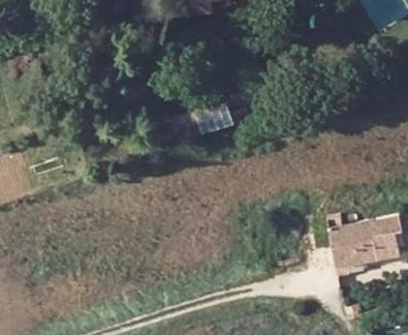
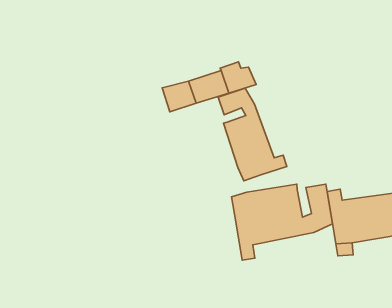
building: none -> [218,88,287,181]
building: none -> [231,184,332,260]

